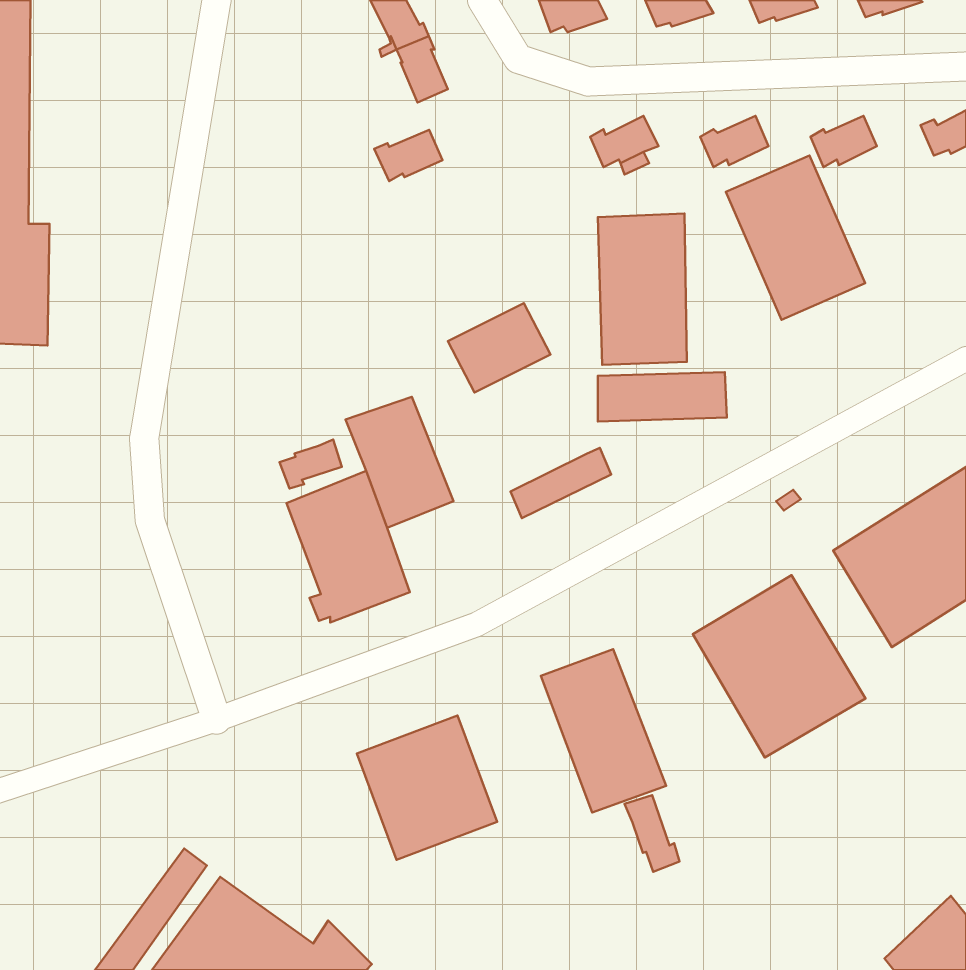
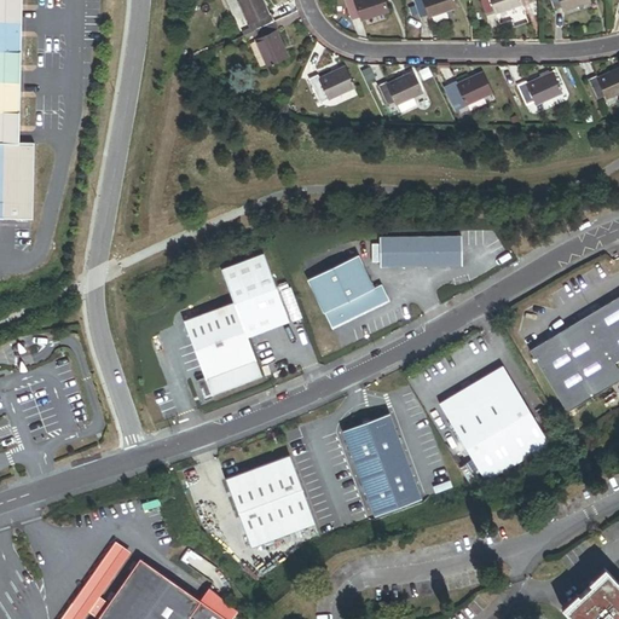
building: [374,130,442,181] -> [308,69,352,102]
building: [726,155,865,320] -> none
building: [598,213,687,365] -> none
building: [448,303,550,392] -> [308,256,374,313]
building: [280,439,342,488] -> none
building: [624,795,680,872] -> none

